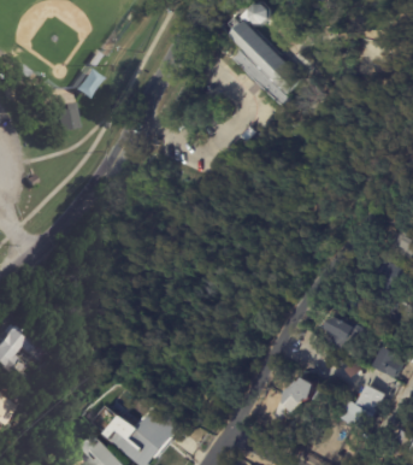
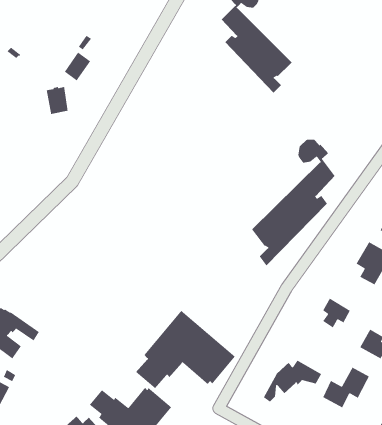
building: none -> [251,139,336,267]
building: none -> [135,310,236,389]

